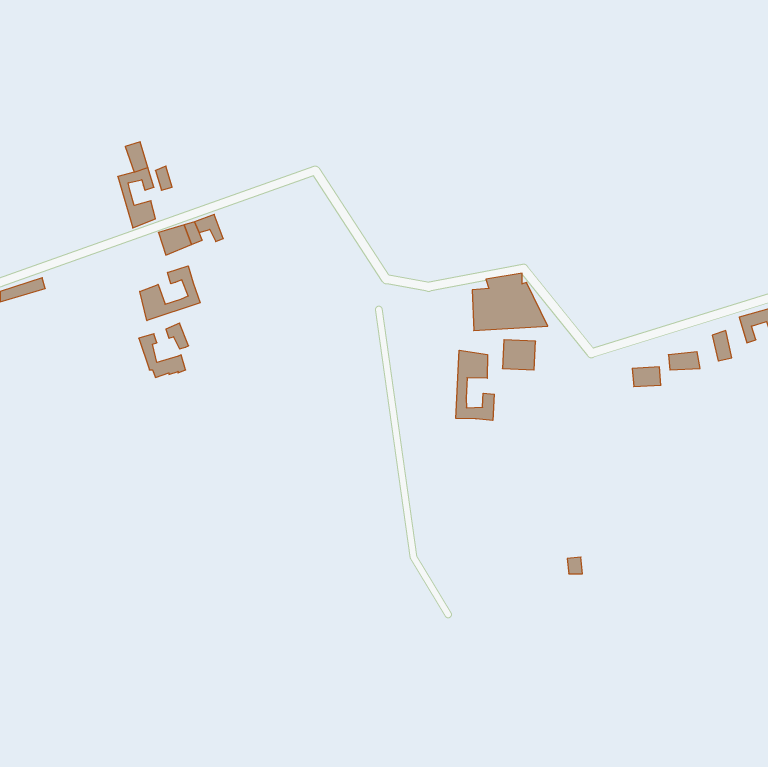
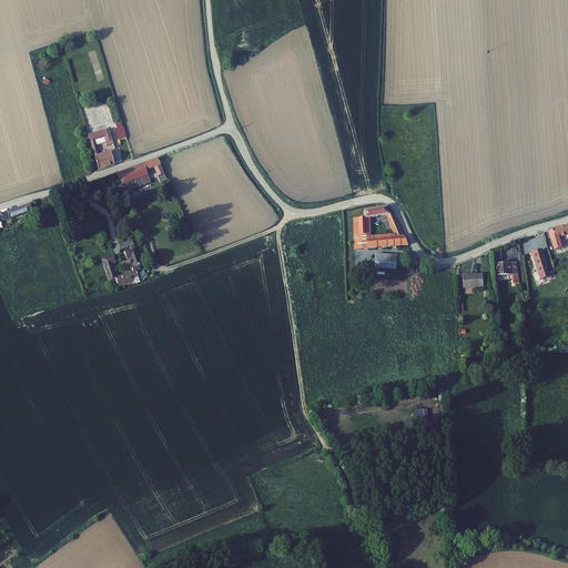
building: [140,266,200,321] -> none
building: [456,350,494,420] -> none

